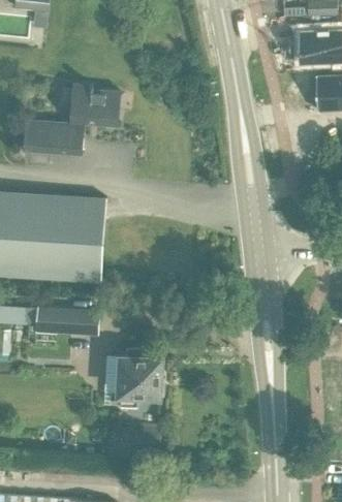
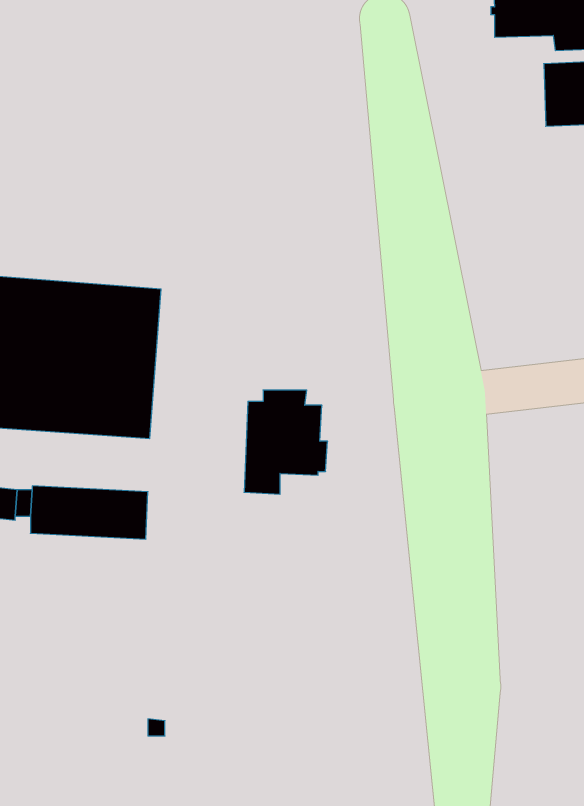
building: [23,84,119,155] -> none
building: [118,349,163,406] -> [244,390,328,494]

